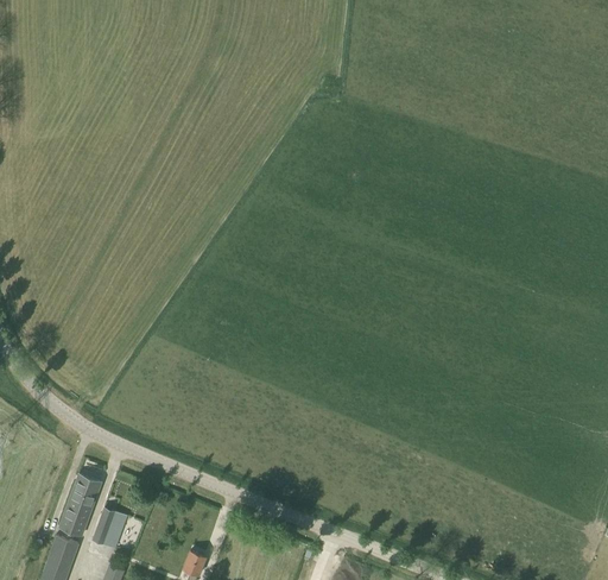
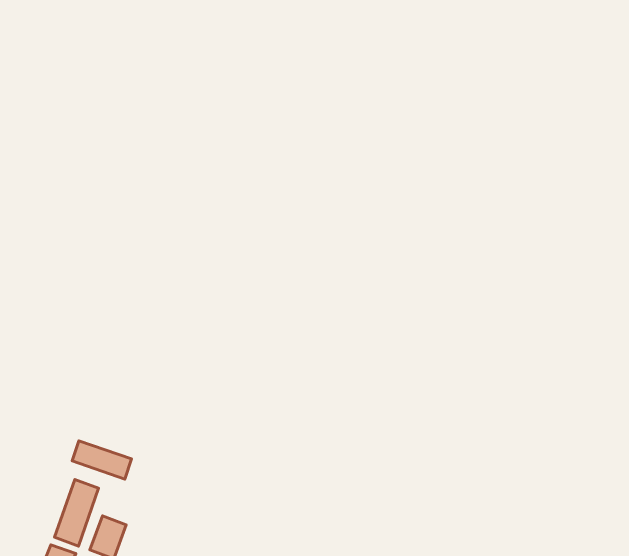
building: none -> [72,441,131,479]

